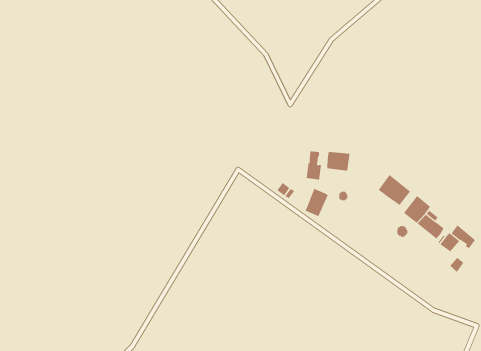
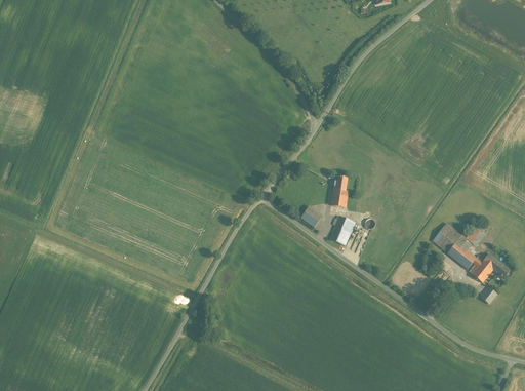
building: [327,151,350,172] -> none
building: [378,174,411,206] -> none

